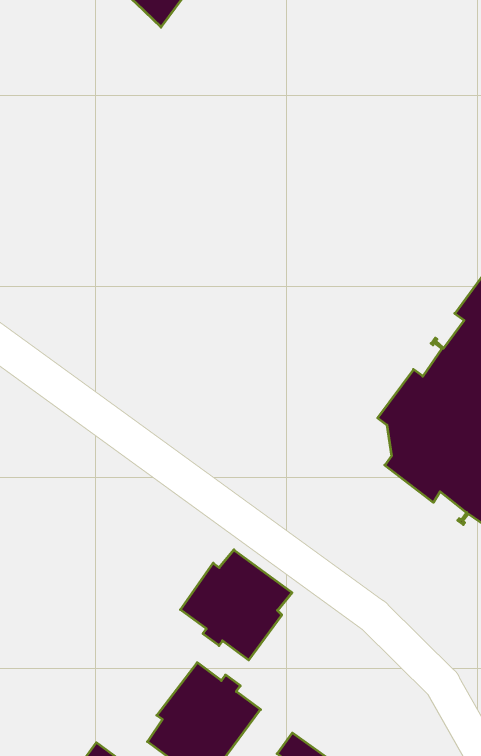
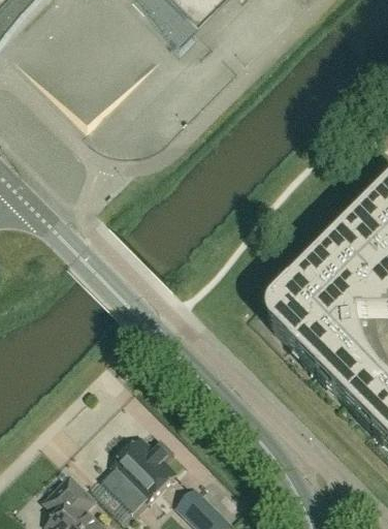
building: [180,550,292,660] -> none

